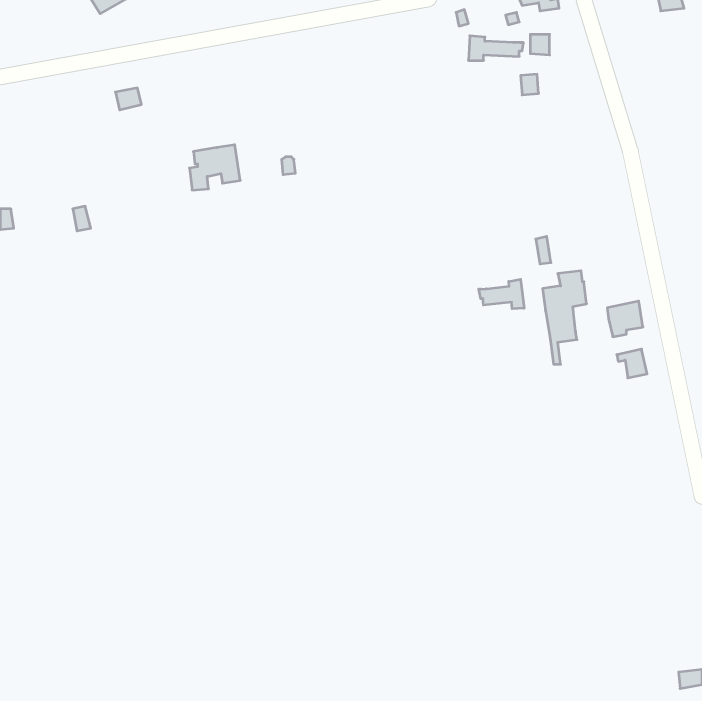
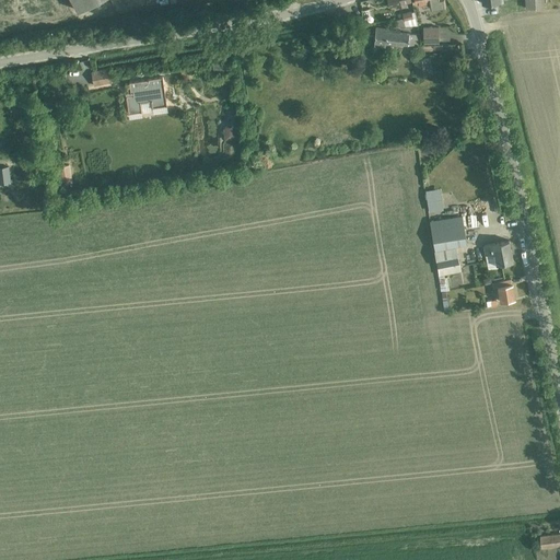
building: [189,145,240,190] -> [126,77,166,113]
building: [479,279,524,309] -> none

